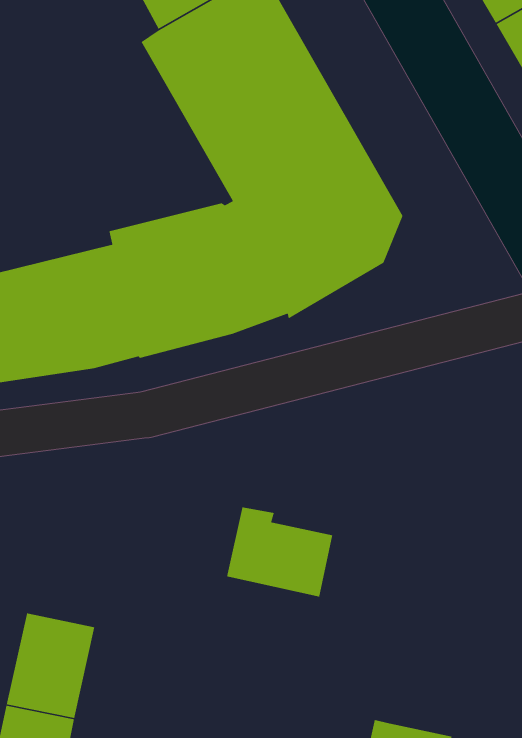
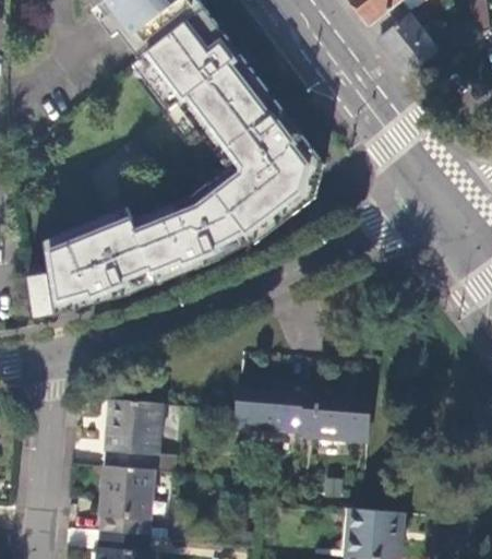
building: none -> [105,400,161,469]
building: none -> [301,380,371,441]

